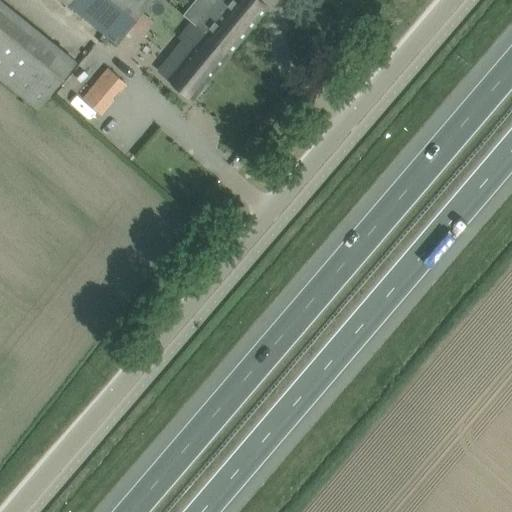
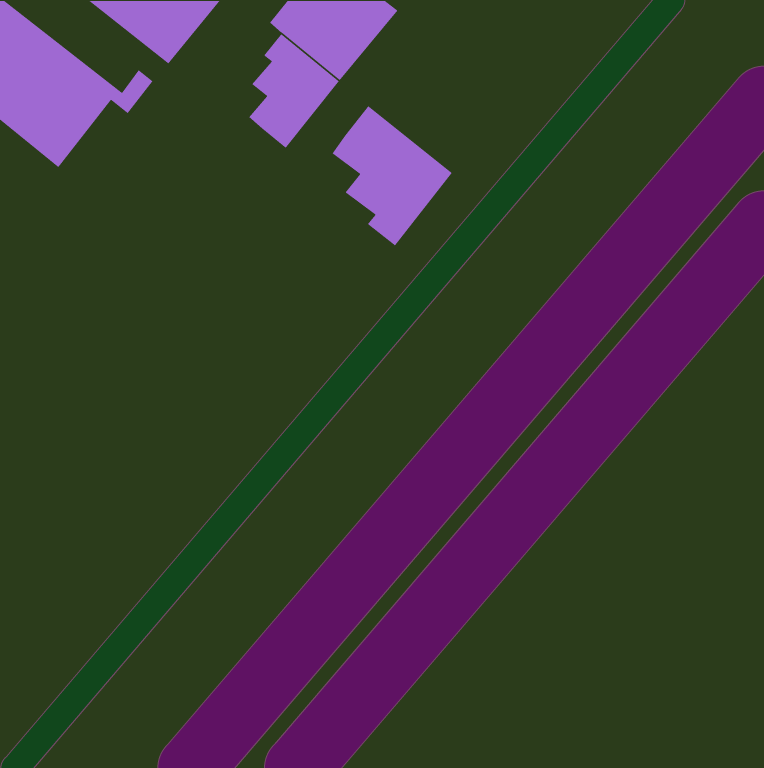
building: [79,68,124,115] -> none
building: none -> [332,105,453,247]

